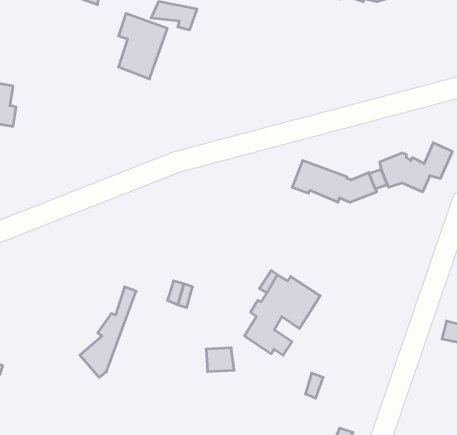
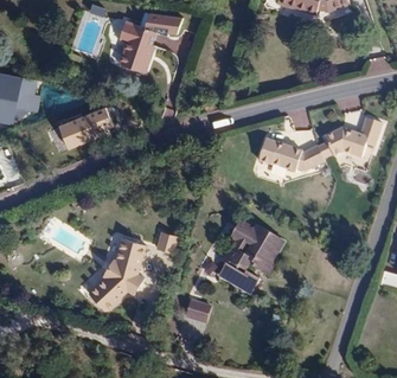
building: none -> [58,105,114,147]
building: none -> [109,242,146,306]

